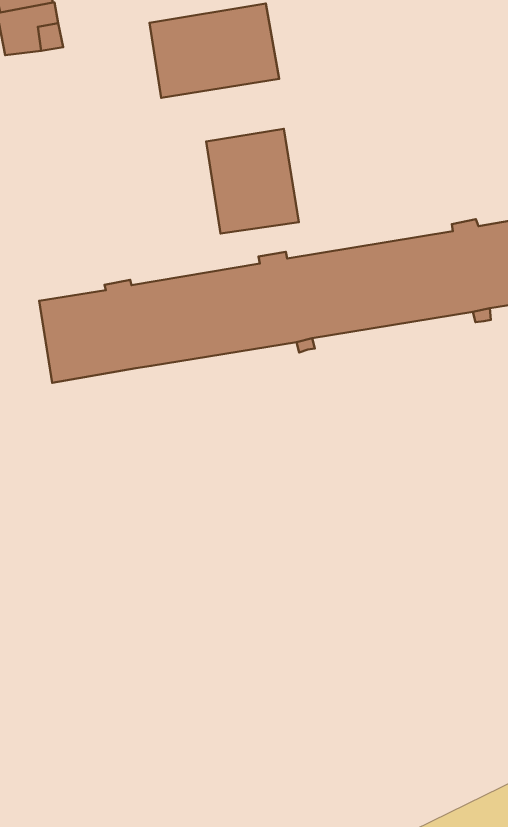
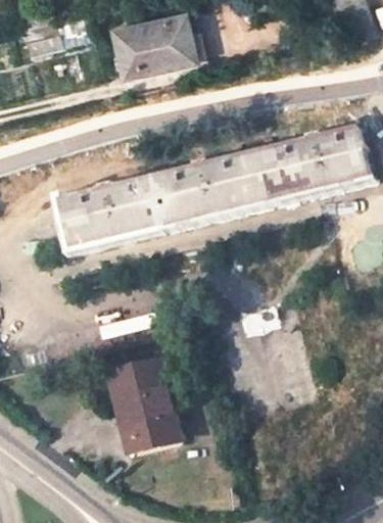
building: [206,129,299,234] -> none
building: none -> [106,364,172,447]

